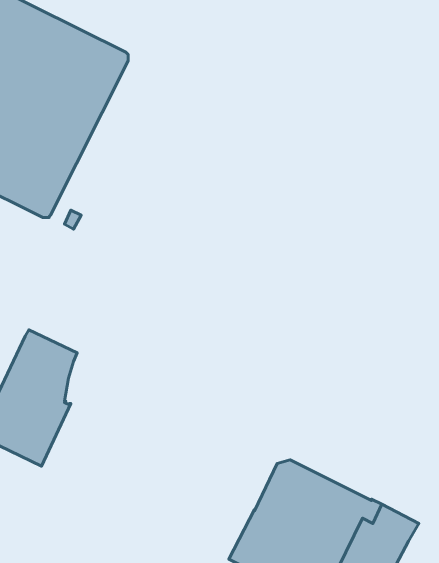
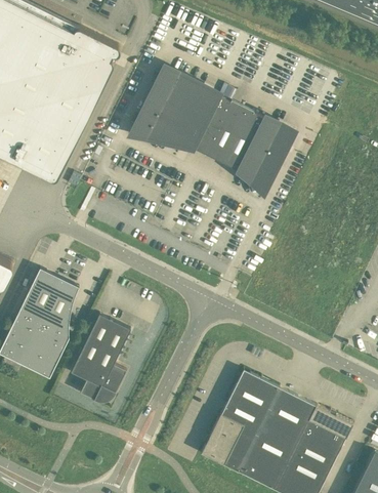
building: none -> [130,69,292,194]
building: none -> [70,316,129,403]

